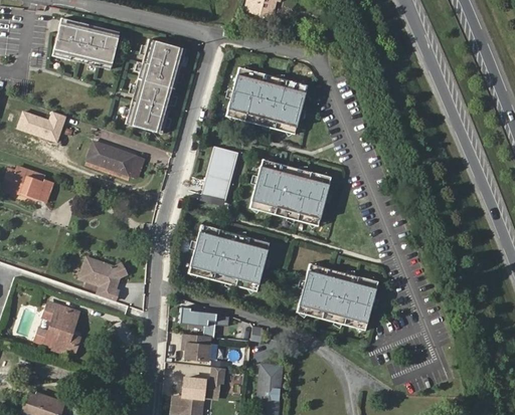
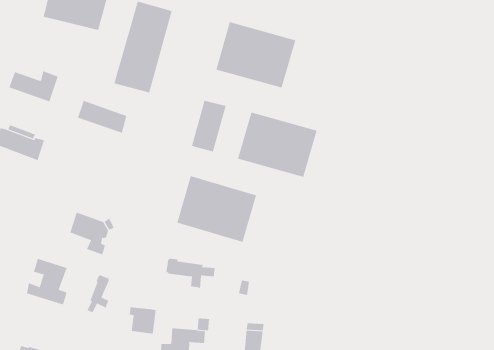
building: [297,261,378,330] -> none
building: none -> [87,274,110,313]
building: [181,332,209,360] -> [129,307,156,334]

